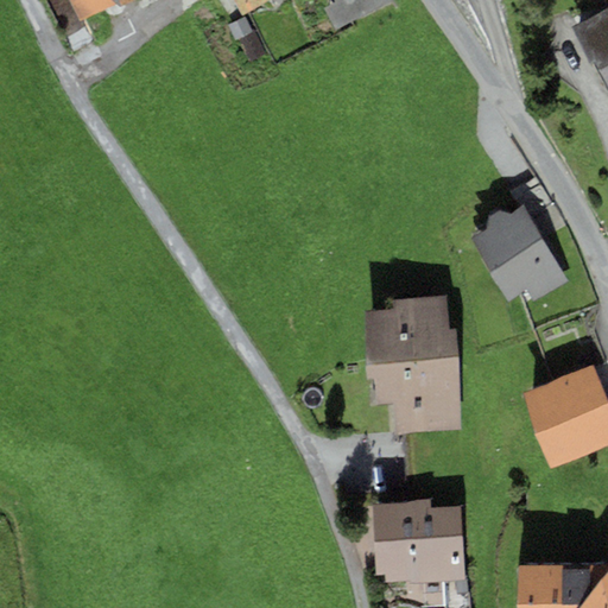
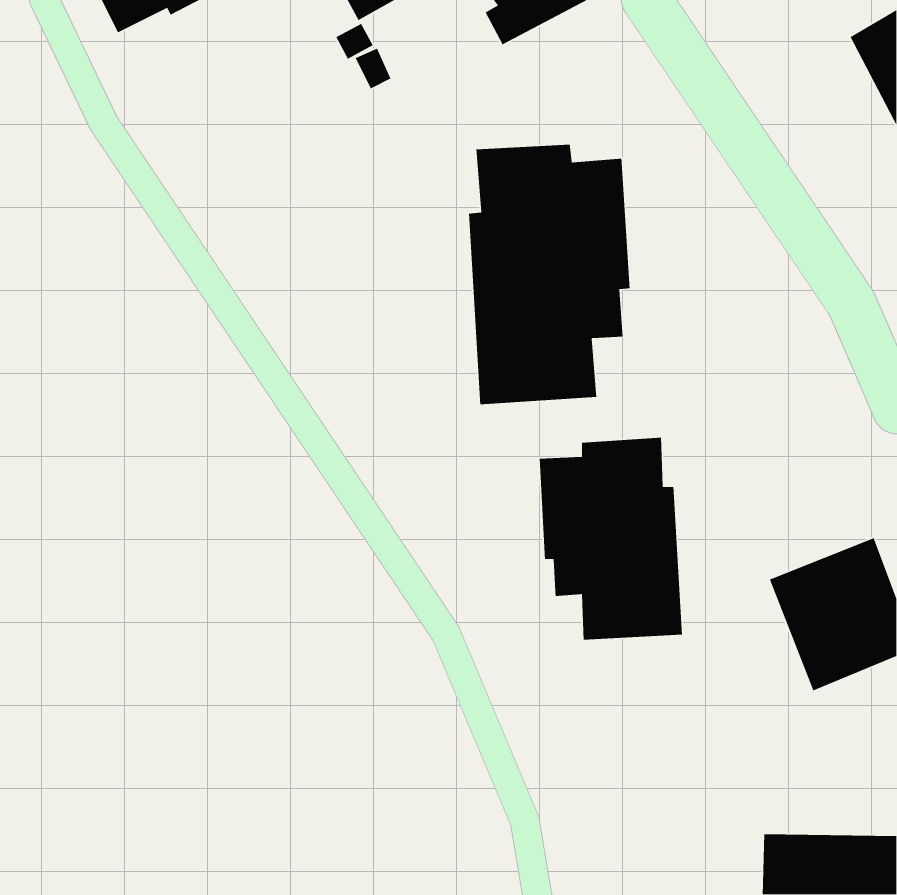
building: none -> [468,144,631,405]
building: [471,204,568,302] -> none
building: [372,499,466,584] -> none

